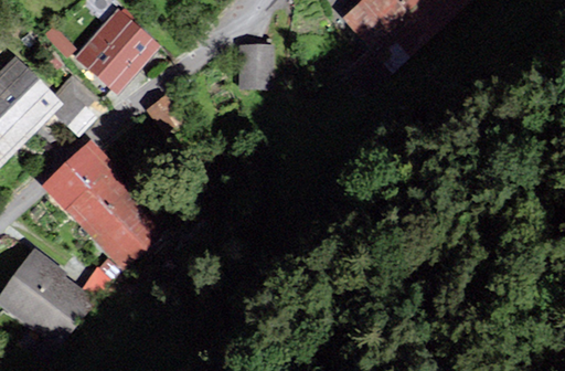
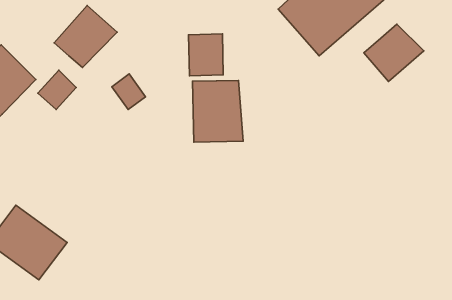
building: none -> [364,24,424,81]
building: none -> [193,80,243,142]
building: [47,145,168,264] -> none

